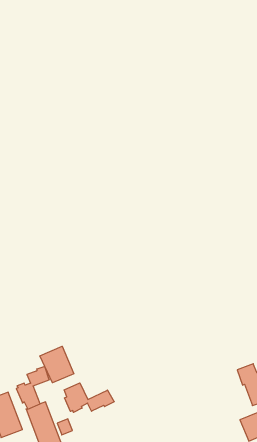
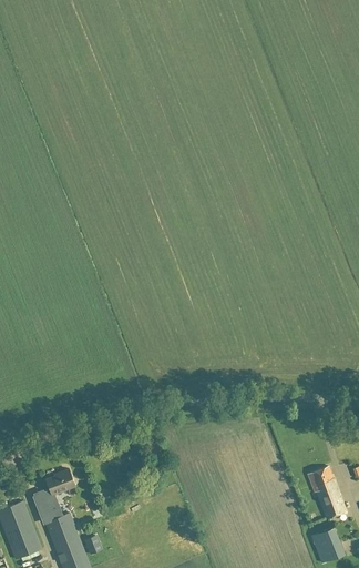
building: [40,346,74,383] -> none
building: [64,383,114,412] -> none

